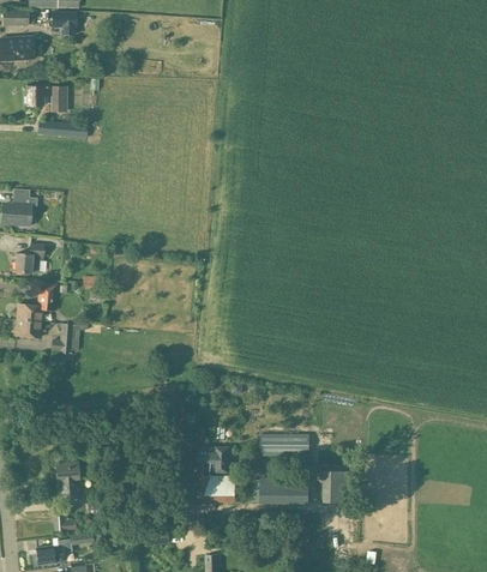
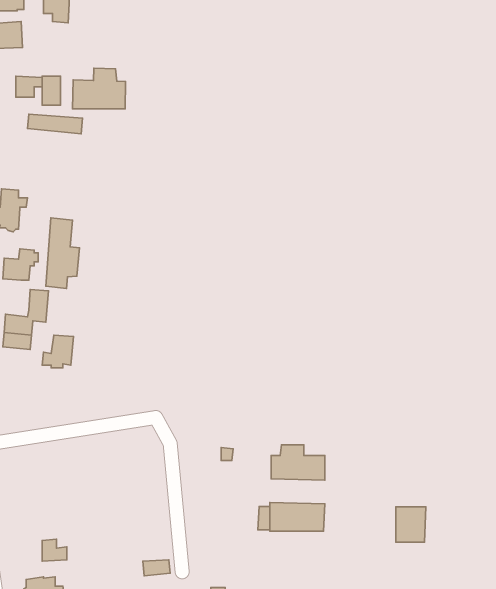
building: none -> [73,68,126,109]
building: none -> [46,218,79,288]
building: [197,448,235,502] -> none
building: [54,462,80,499] -> none
building: [323,471,350,504] -> [396,507,426,542]

